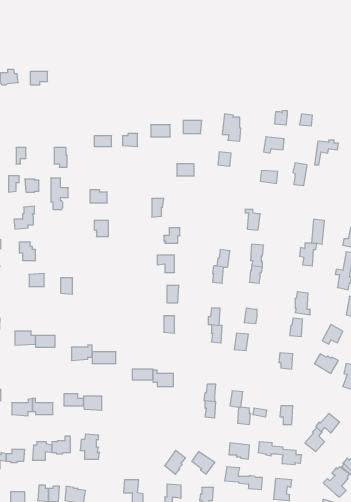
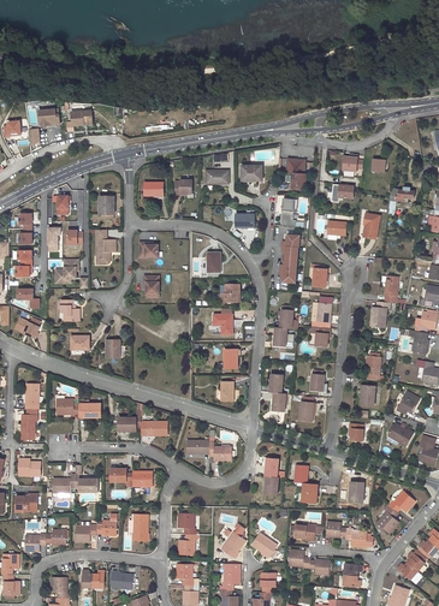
building: none -> [279,233,301,283]
building: none -> [178,512,196,554]

